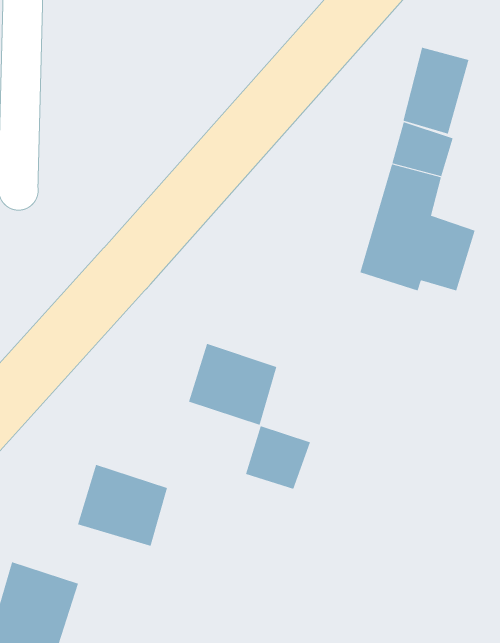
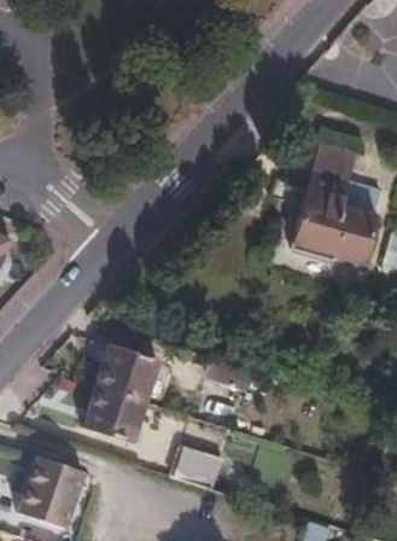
building: [403,47,469,135] -> none
building: [188,343,277,426] -> [97,342,160,401]
building: none -> [175,444,223,487]

